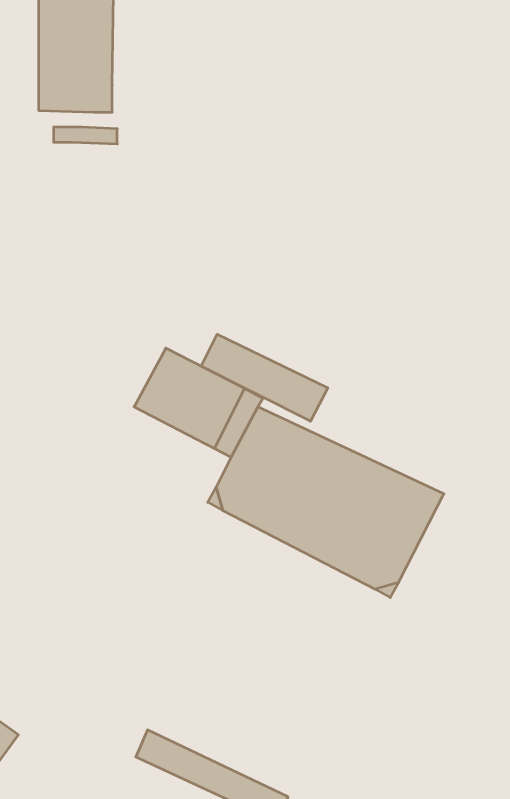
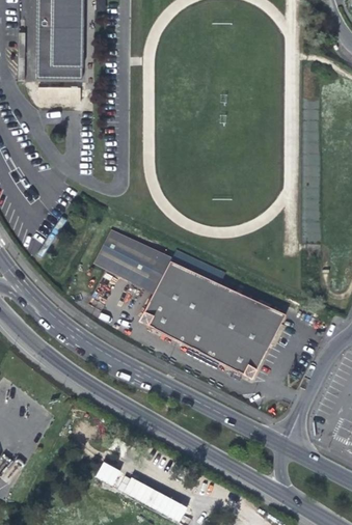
building: [201,334,328,421] -> none

